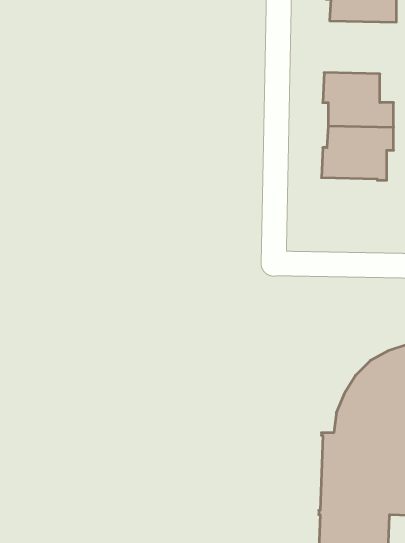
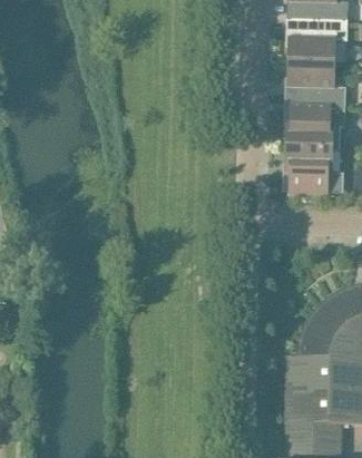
building: none -> [287,19,346,62]
building: none -> [285,147,343,192]

